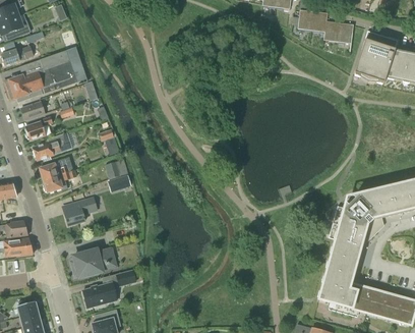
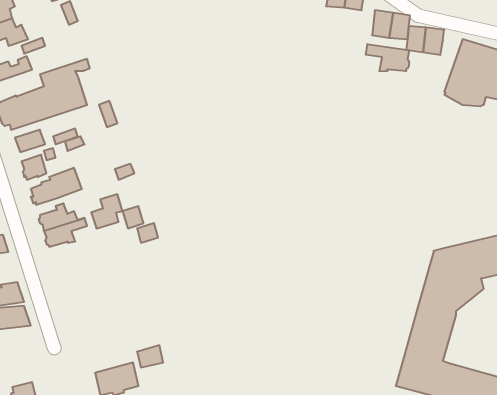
building: none -> [366,44,409,71]
building: [64,199,88,225] -> [91,194,123,228]
building: [72,249,115,277] -> none

